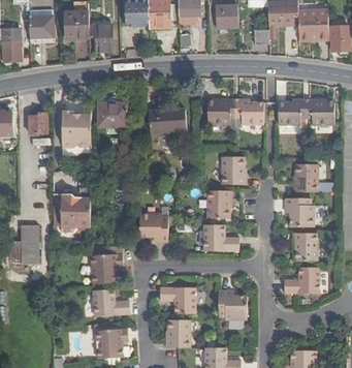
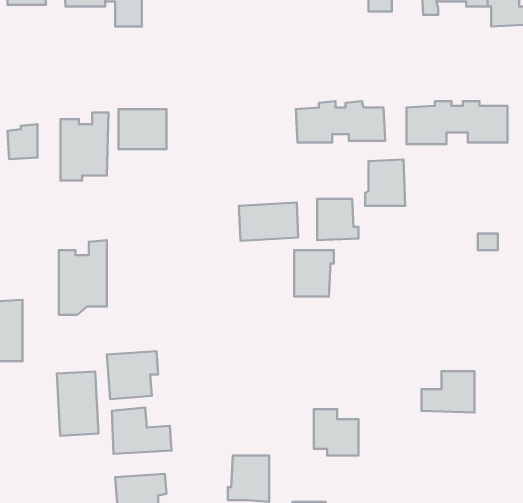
building: [149,109,186,132] -> [239,203,298,241]
building: [293,161,318,190] -> [365,160,405,206]
building: [286,195,315,224] -> none
building: [138,212,166,241] -> none
building: [203,224,238,252] -> none
building: [291,233,318,260] -> none
building: none -> [57,371,99,436]
building: [159,285,195,313] -> none

